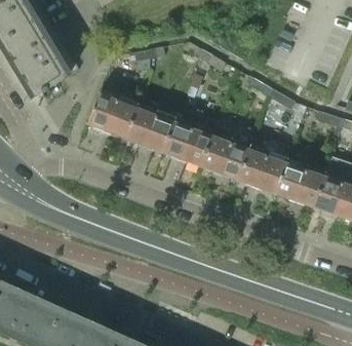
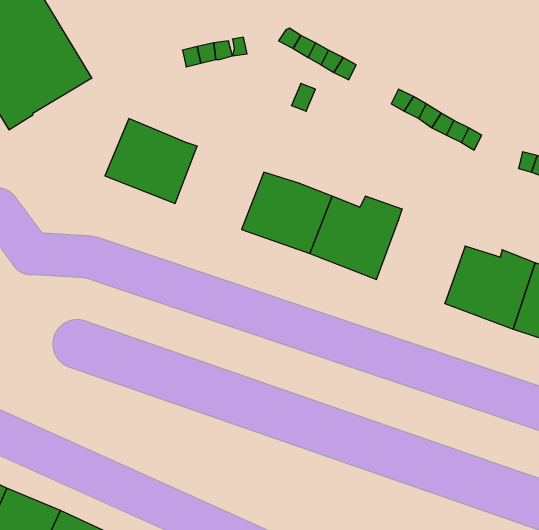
building: [124,106,173,152] -> none
building: [236,147,285,193] -> none

